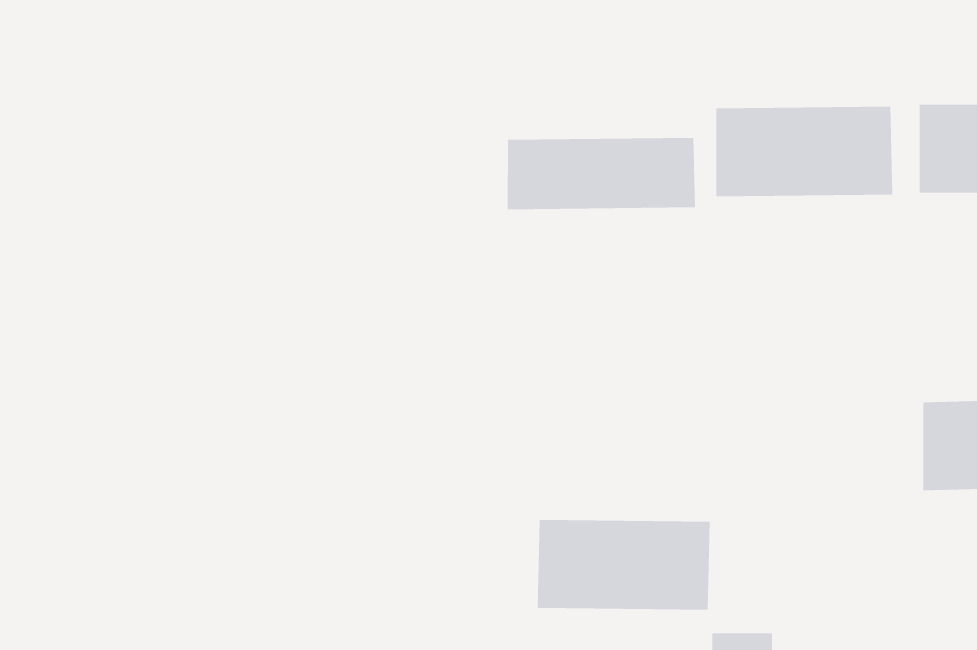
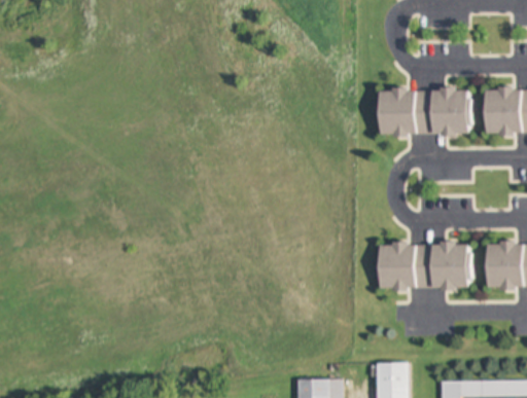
building: [507,137,696,210] -> none
building: [537,519,711,610] -> [378,242,468,289]

